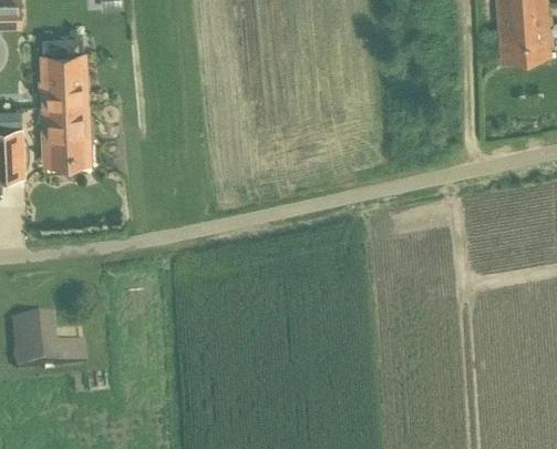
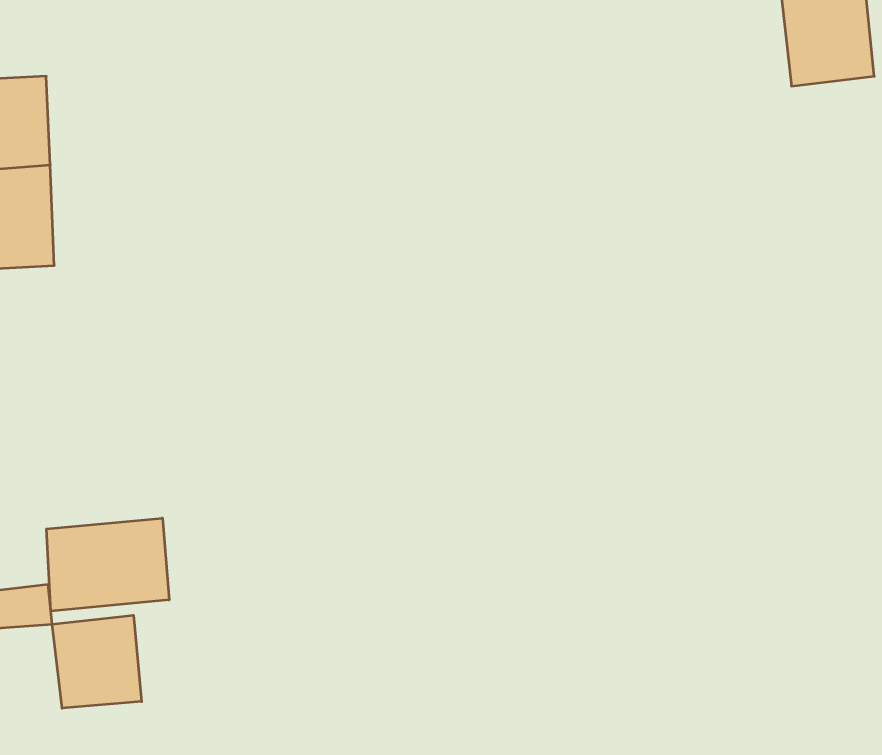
building: none -> [47,518,169,611]
building: none -> [52,615,142,708]

